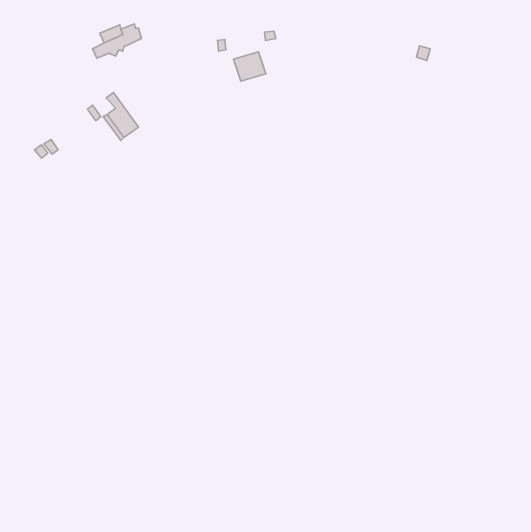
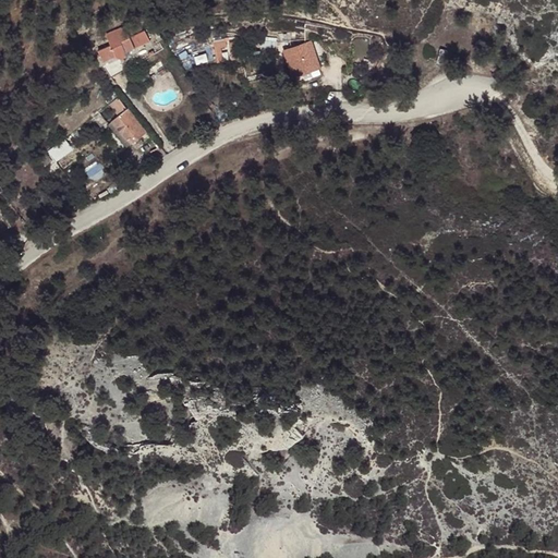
building: [233,52,266,81] -> [283,45,317,75]

